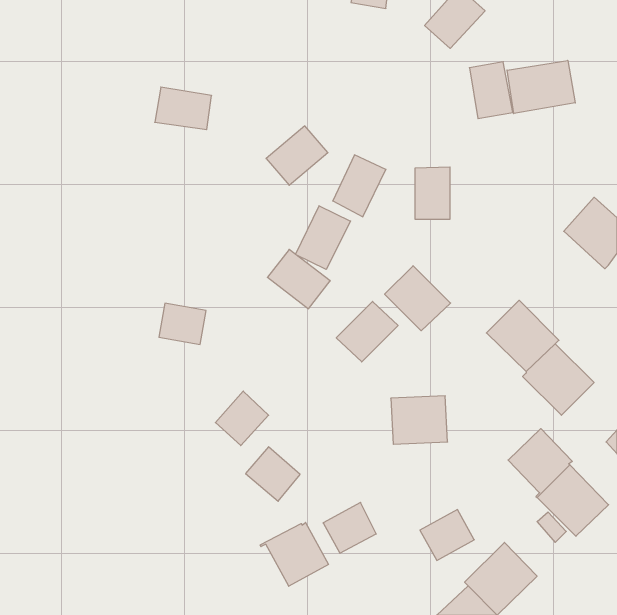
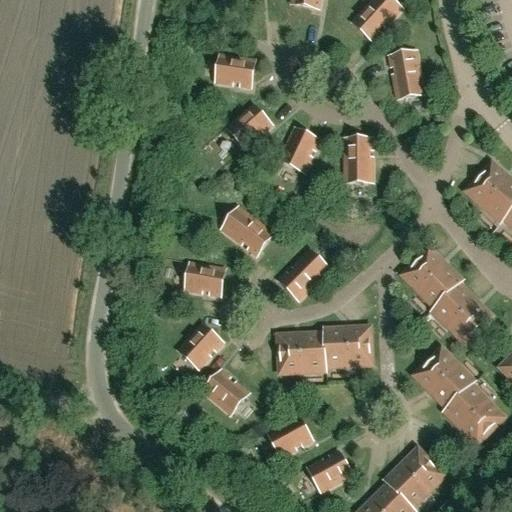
building: [507,60,575,114] -> none
building: [155,87,212,130] -> [207,52,254,87]
building: [296,206,351,269] -> none
building: [385,266,451,331] -> none
building: [159,303,206,344] -> [185,262,224,296]
building: none -> [278,329,325,373]
building: [420,510,474,560] -> [308,451,353,493]
building: [260,522,328,586] -> none

